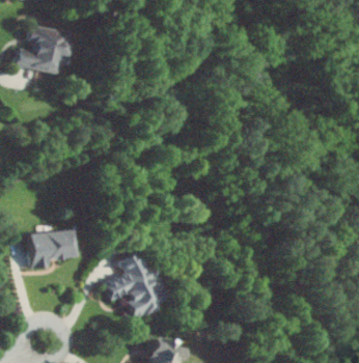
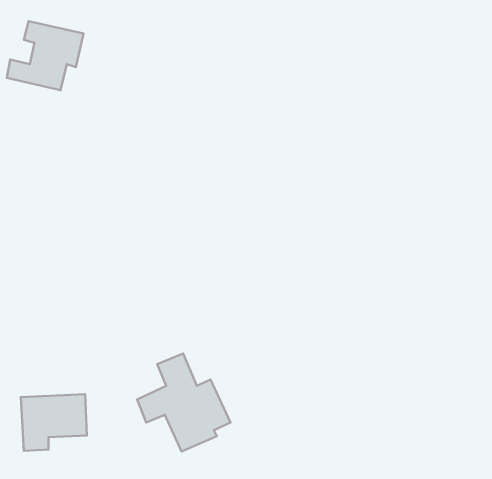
building: [30,230,75,269] -> [21,394,87,451]

